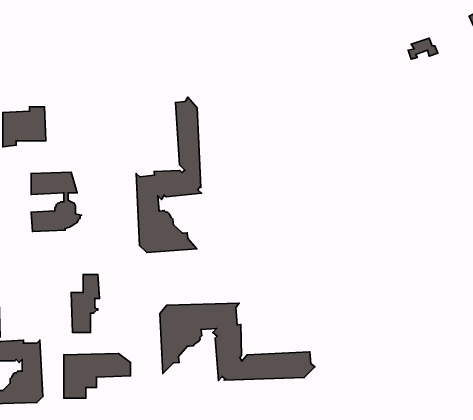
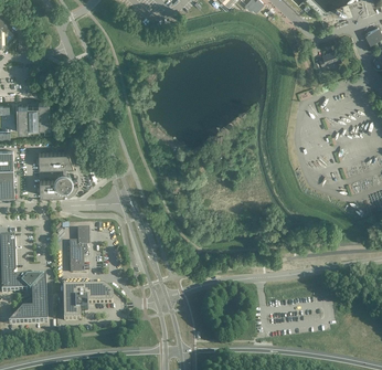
building: [136,97,201,252] -> none
building: [160,303,315,380] -> none

